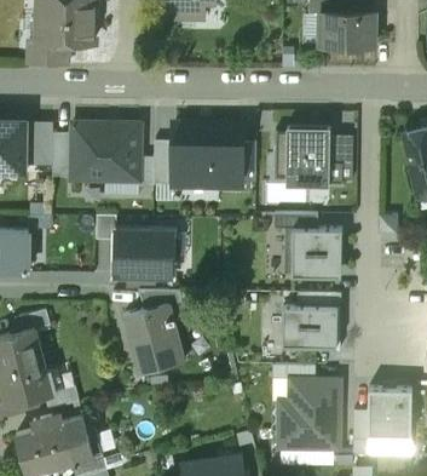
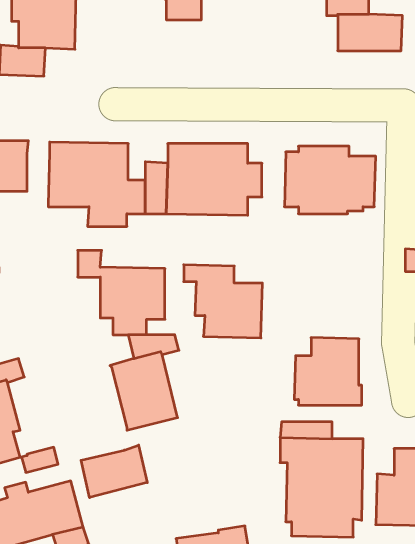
building: [52,133,71,177] -> none
building: [273,214,341,277] -> [184,265,262,338]
building: none -> [81,445,147,498]

